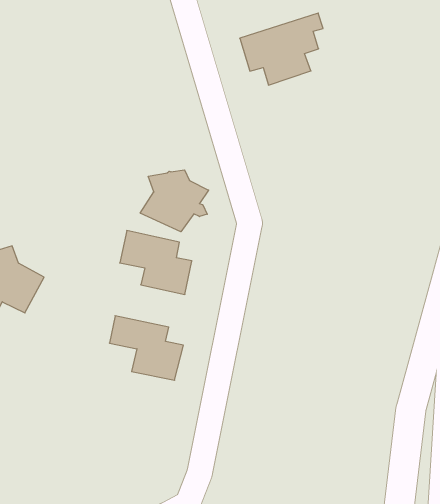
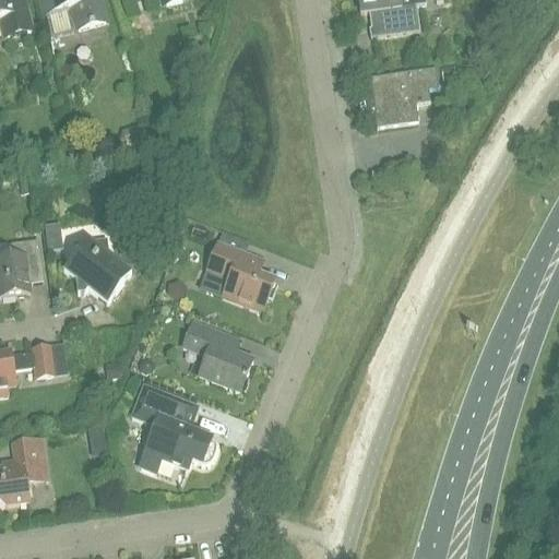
building: [140,170,209,232] -> none
building: none -> [130,383,215,473]

